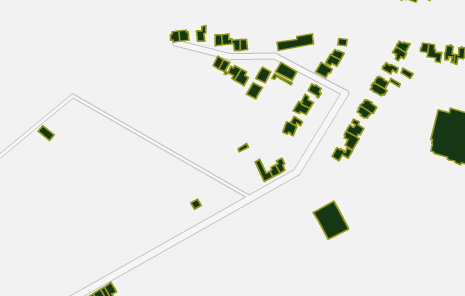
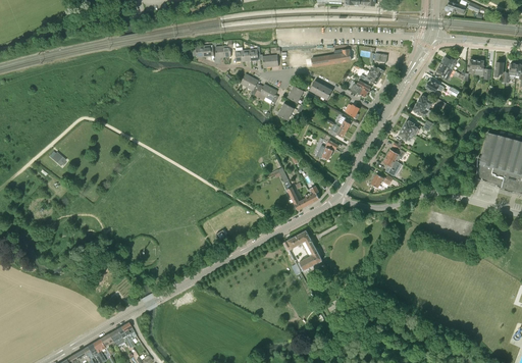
building: [313,201,349,239] -> [283,230,322,272]

